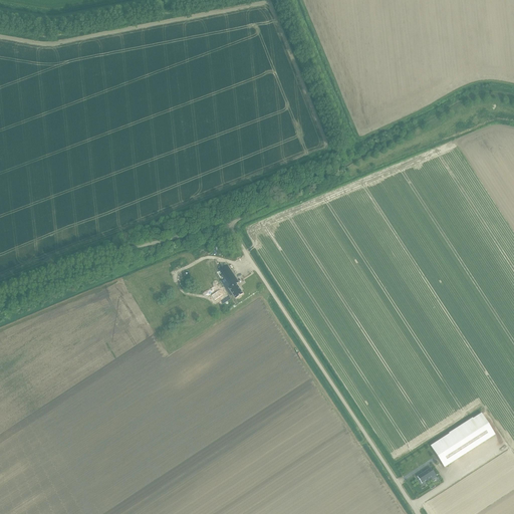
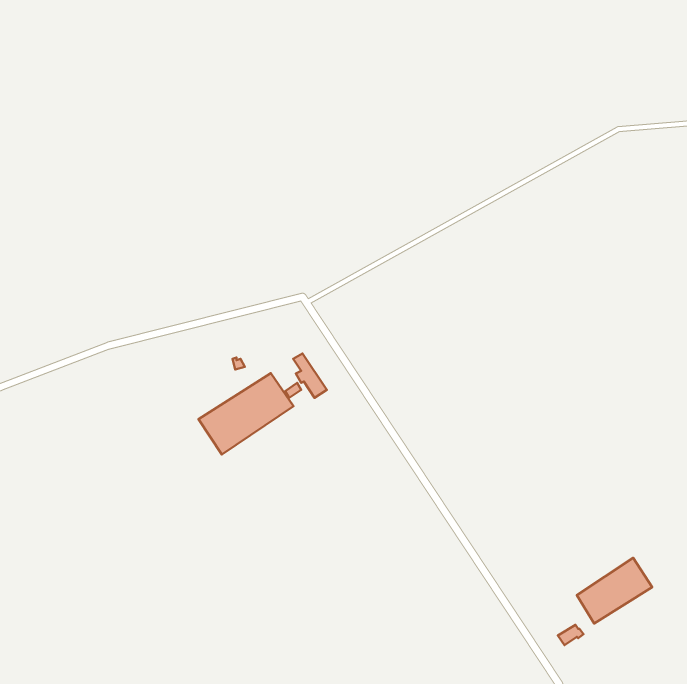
building: none -> [198,373,293,454]

